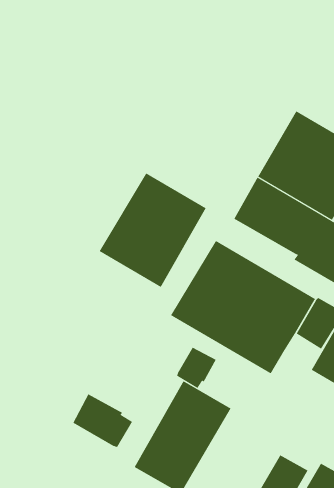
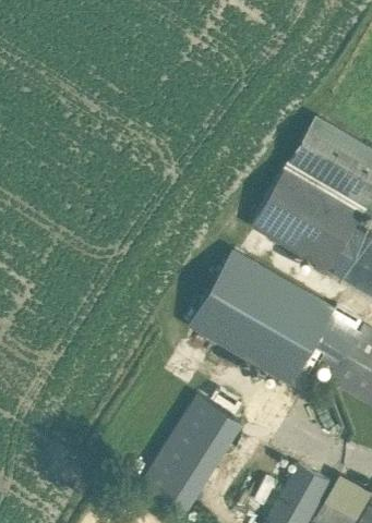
building: [99,172,206,288] -> none
building: [176,347,216,389] -> none
building: [73,393,133,448] -> none

